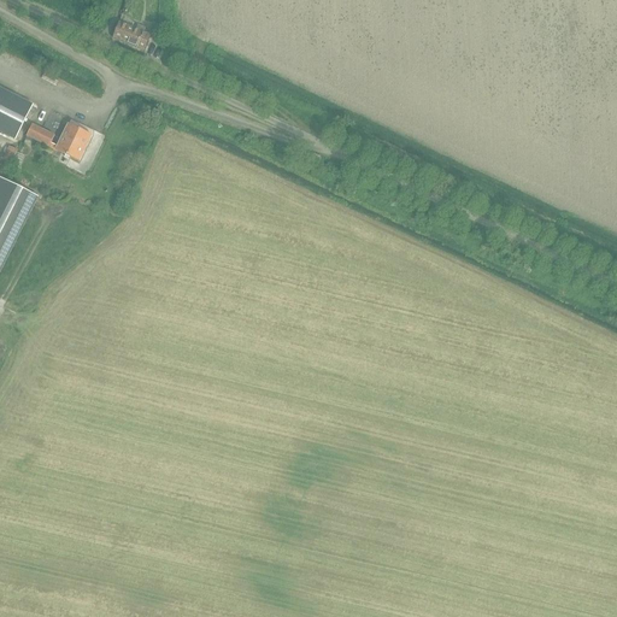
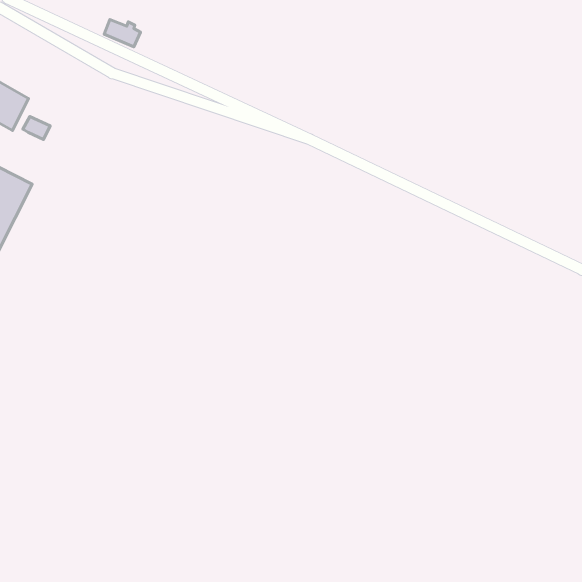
building: [54,122,89,158] -> none

